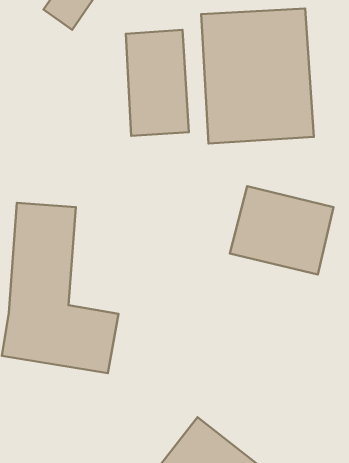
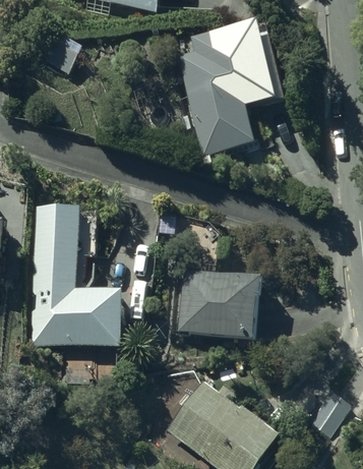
building: [126,30,189,136] -> none
building: [230,186,334,275] -> [176,265,260,335]

